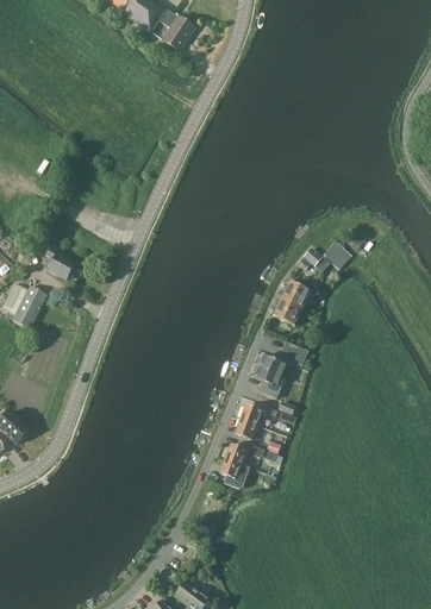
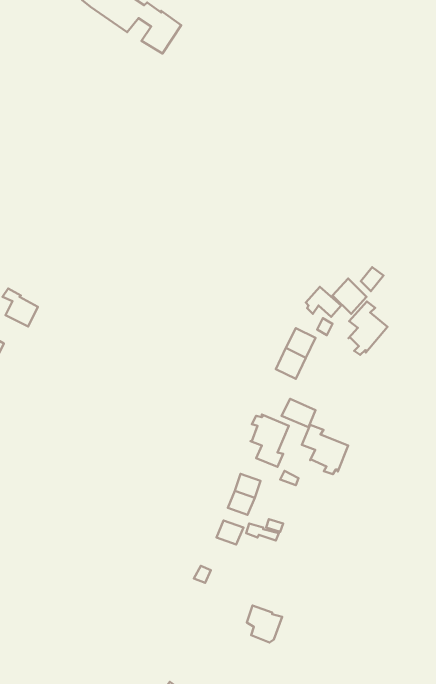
building: none -> [348,301,388,355]
building: none -> [302,425,348,474]
building: [220,458,250,489] -> [247,606,282,642]

